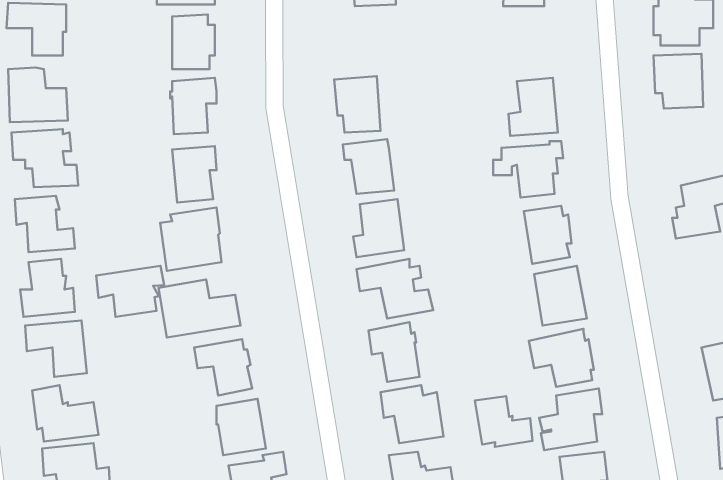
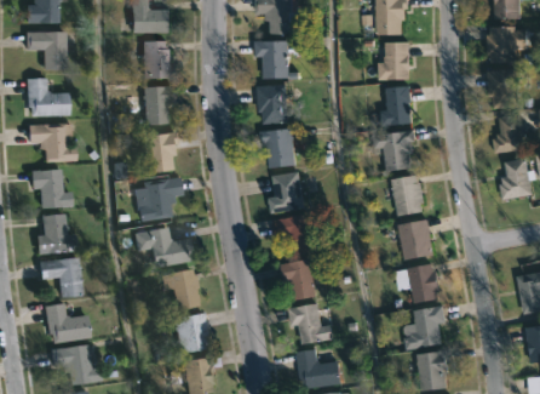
building: none -> [257,40,291,78]
building: none -> [378,41,410,80]
building: none -> [490,113,522,152]
building: [96,266,164,317] -> none
building: [475,396,532,447] -> none

